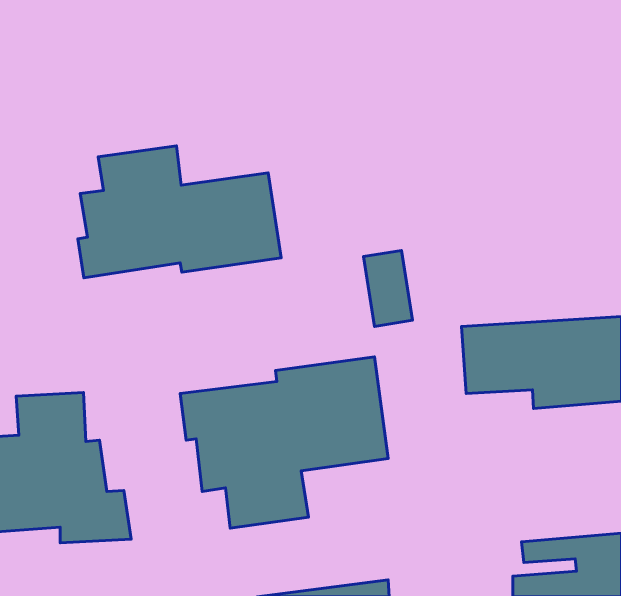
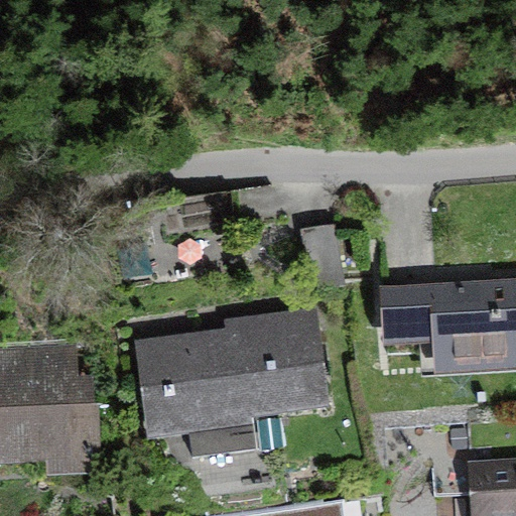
building: [78,146,281,278] -> none

